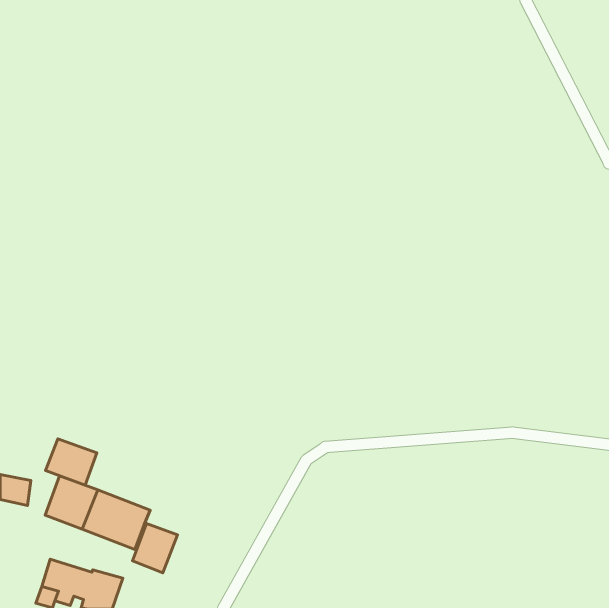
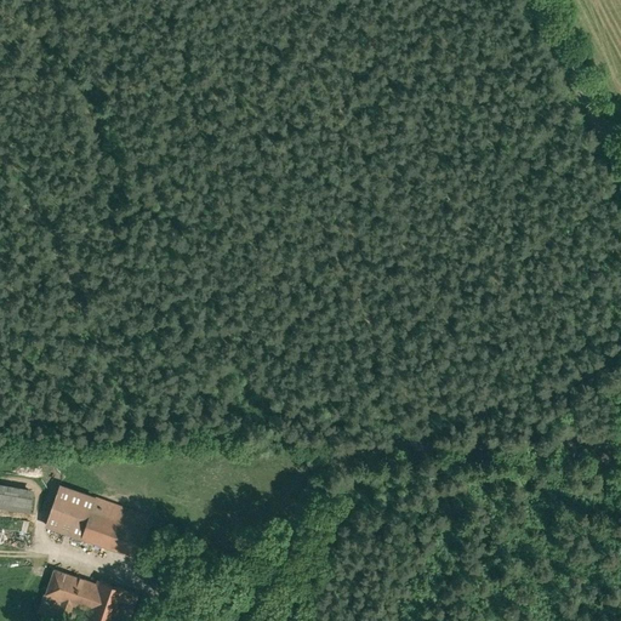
building: [45,439,97,485] -> none
building: [132,524,178,573] -> none

